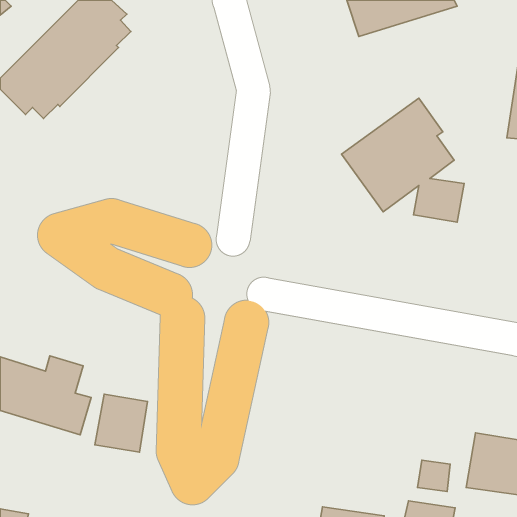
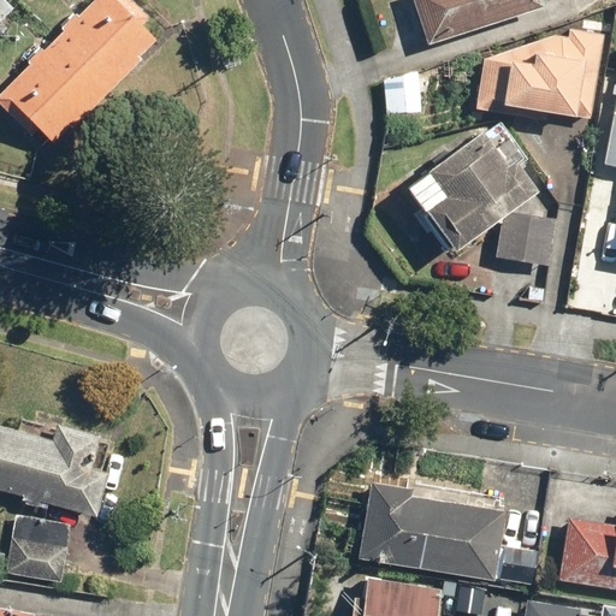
building: none -> [474,29,603,119]
building: [95,394,148,452] -> [6,513,69,581]
building: none -> [355,480,503,582]

